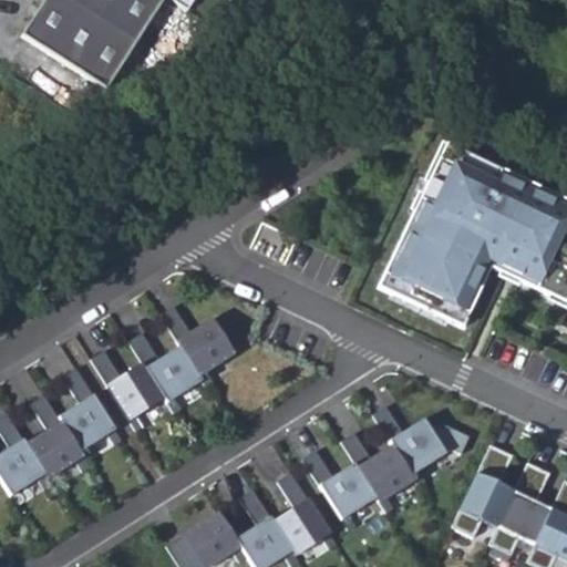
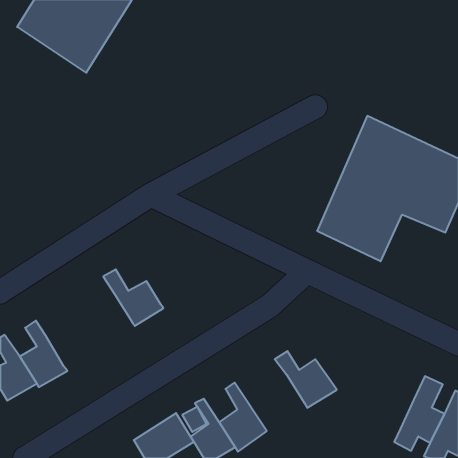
building: [161,305,236,375] -> none
building: [91,350,165,420] -> none
building: [58,370,115,452] -> none
building: [373,408,446,474] -> none
building: [450,446,512,538] -> none
building: [302,453,377,520] -> none

